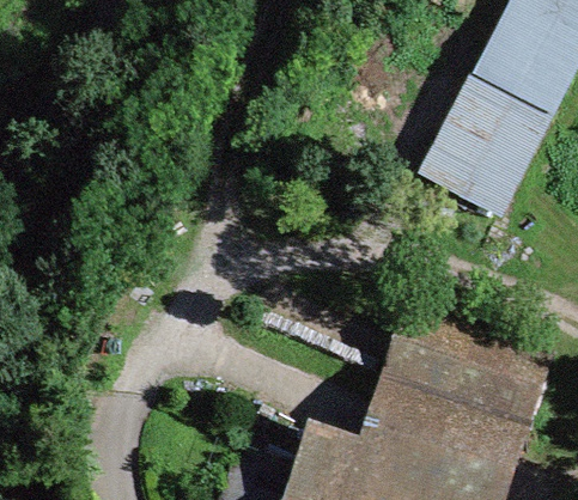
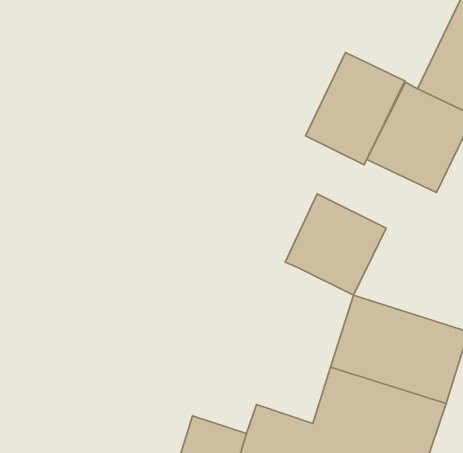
building: none -> [305,53,405,165]
building: none -> [285,194,386,295]

